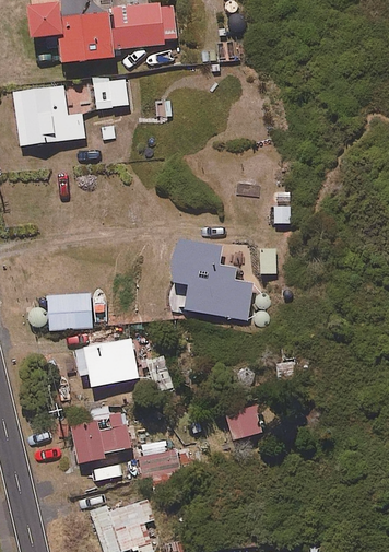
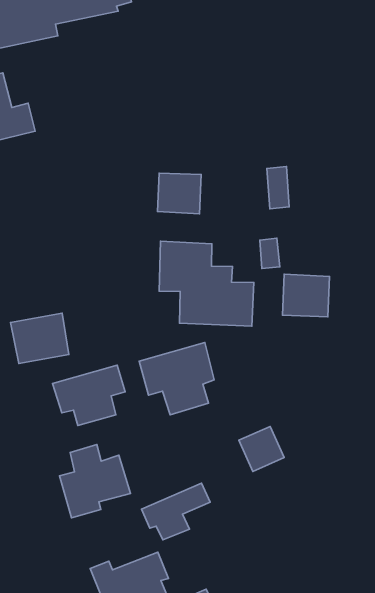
building: [92,75,126,107] -> none
building: none -> [158,173,201,214]
building: none -> [283,274,330,317]
building: none -> [139,343,214,415]

